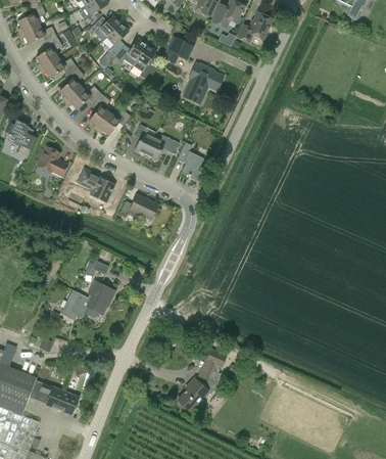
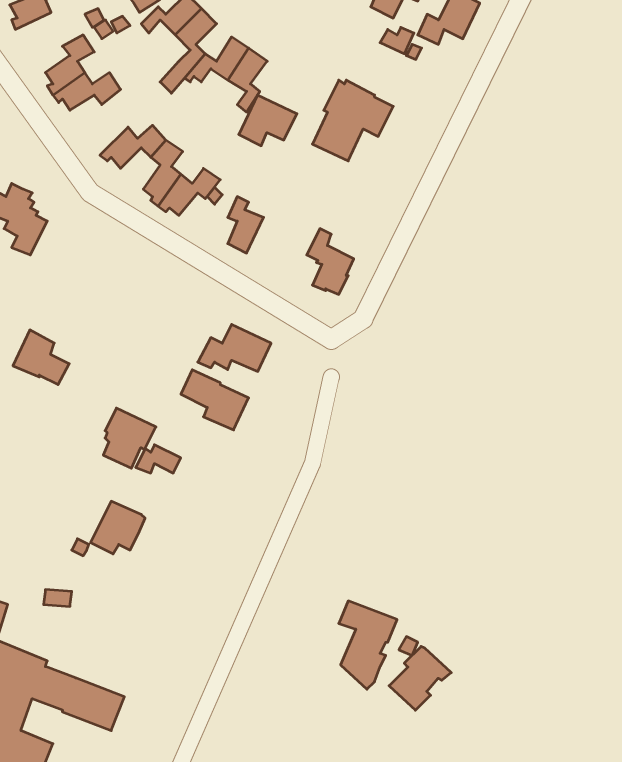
building: [19,25,56,44] -> none
building: [162,36,194,63] -> [239,95,297,146]
building: [59,66,84,102] -> none
building: [145,135,179,160] -> none
building: [37,146,67,176] -> [13,330,69,385]
building: [78,169,114,201] -> [181,370,249,430]
building: [87,281,115,314] -> [103,408,156,468]
building: [177,378,210,413] -> [389,646,451,710]

